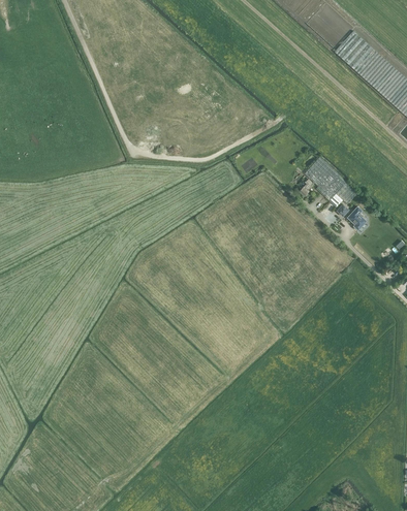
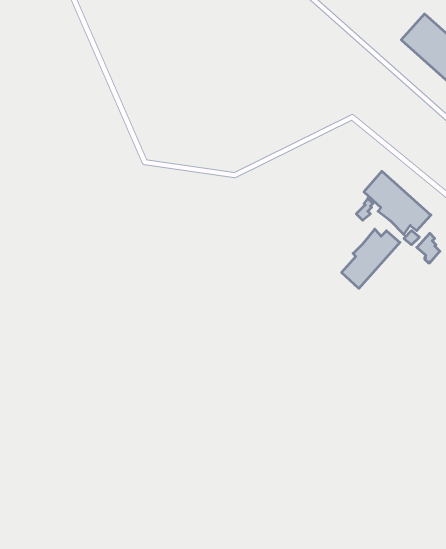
building: none -> [342,229,400,288]

